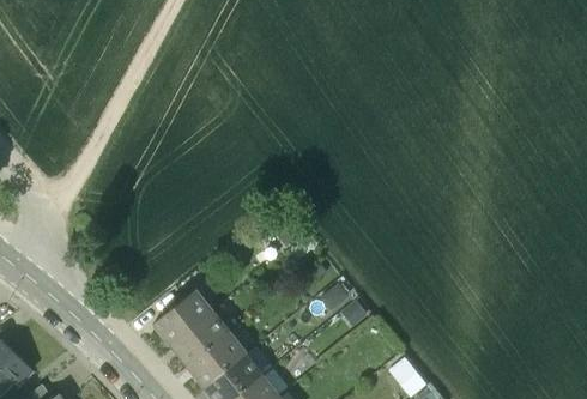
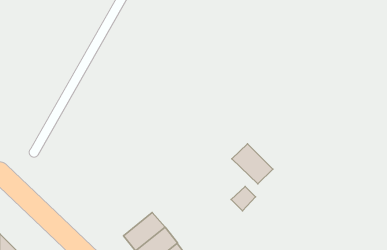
building: none -> [232,144,273,184]
building: [156,291,213,345] -> none

